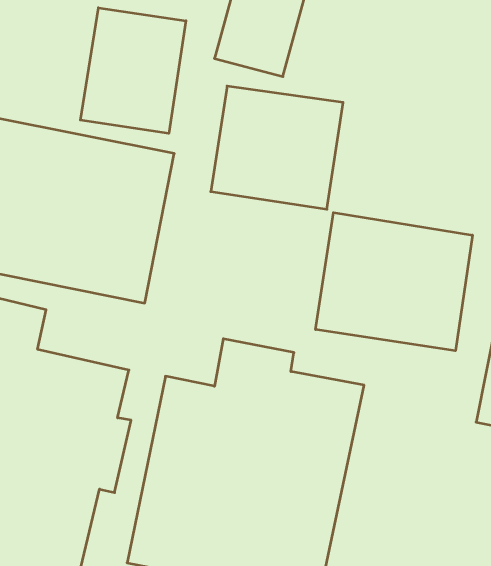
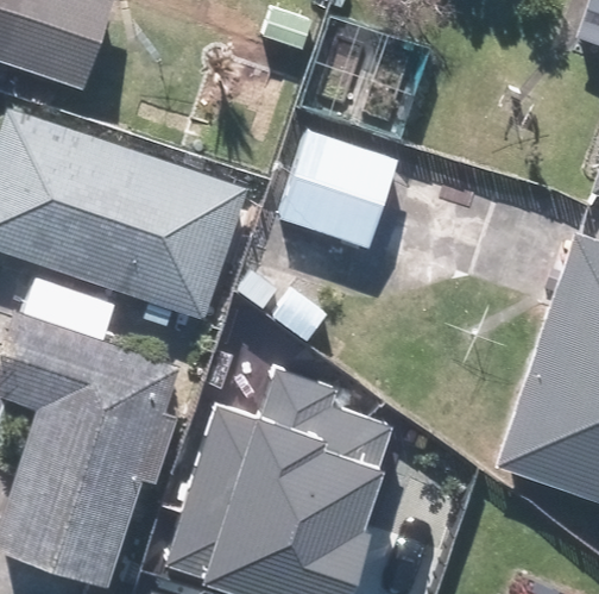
building: [80,8,186,133] -> none
building: [316,213,472,351] -> none

